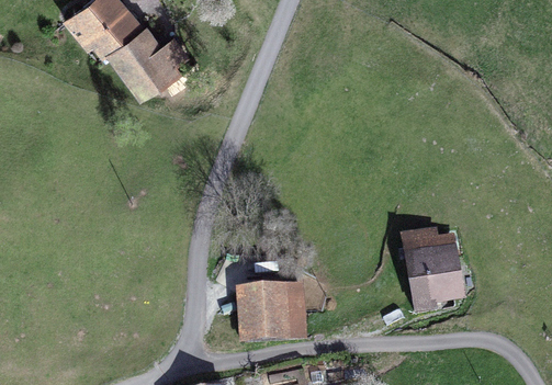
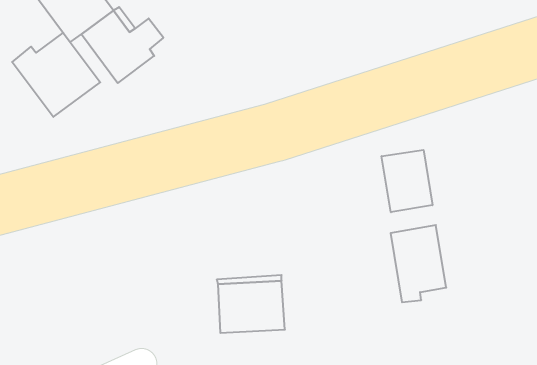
building: none -> [12,33,100,117]
building: none -> [382,150,432,212]

